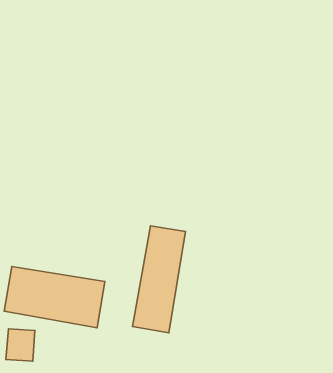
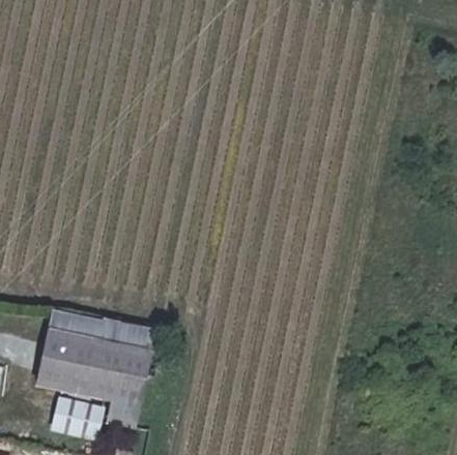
building: [133,226,185,333] -> none

